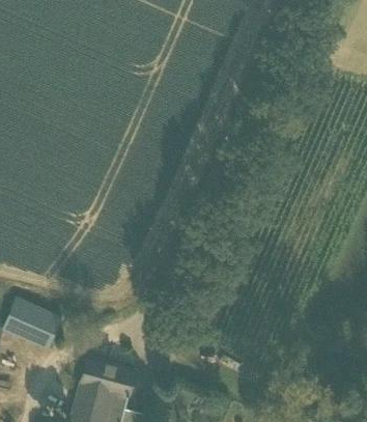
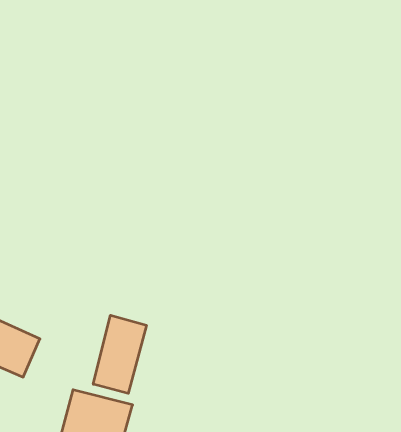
building: none -> [93,315,146,393]

